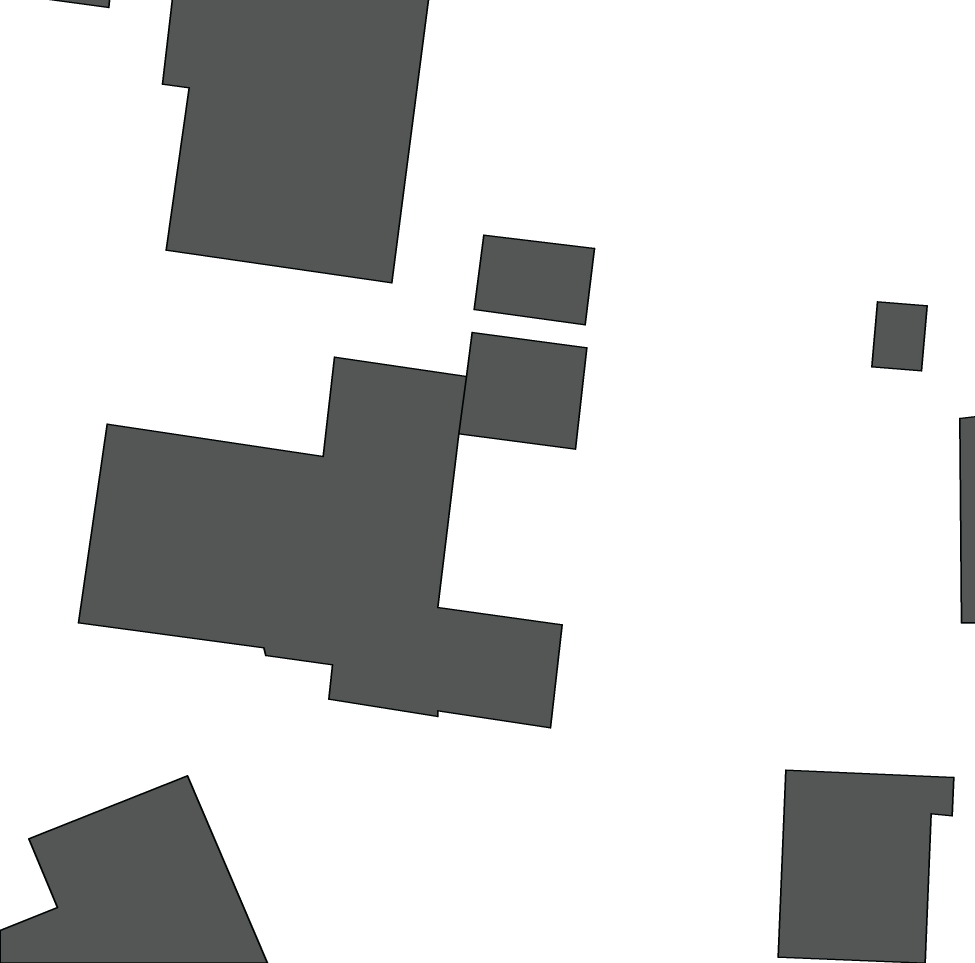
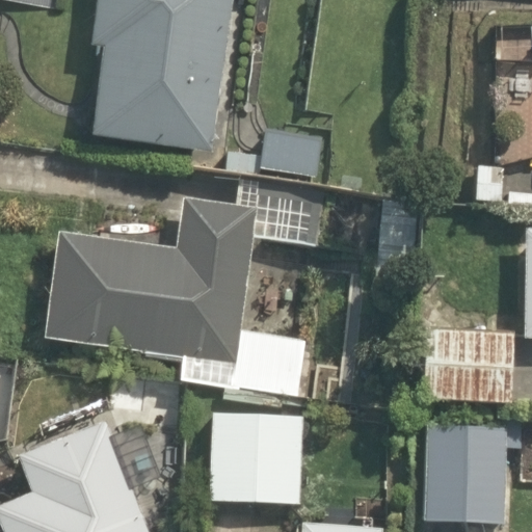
building: none -> [424,328,515,403]
building: none -> [209,413,304,504]

